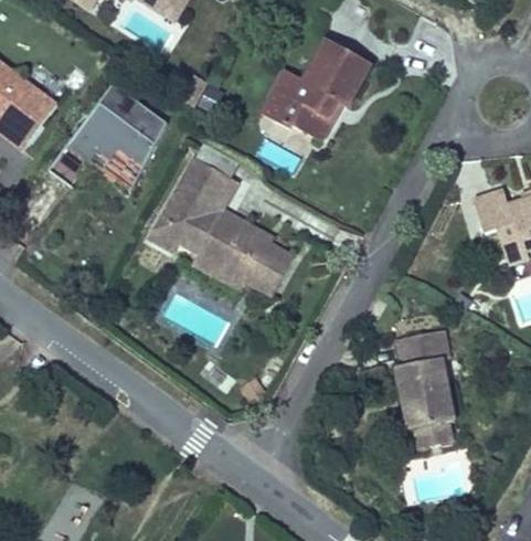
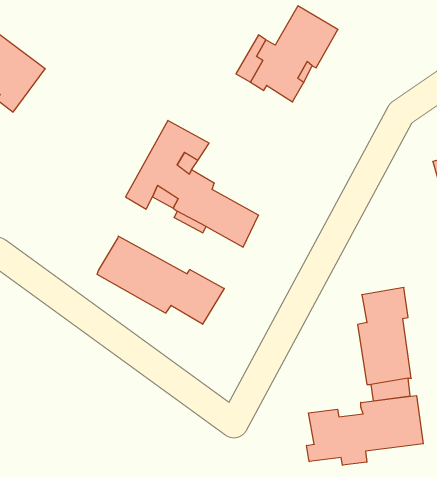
building: [55,87,173,192] -> none
building: none -> [97,236,224,324]
building: none -> [307,396,423,465]

